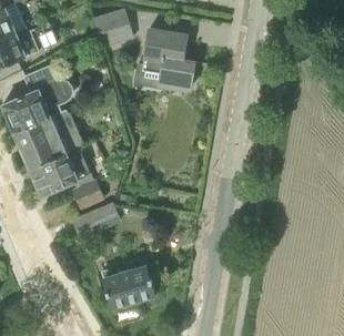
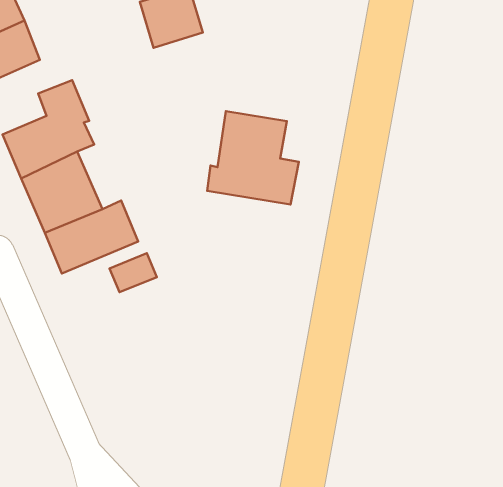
building: [135,28,195,89] -> [207,111,299,204]
building: [73,202,122,236] -> none
building: [105,264,155,307] -> none

